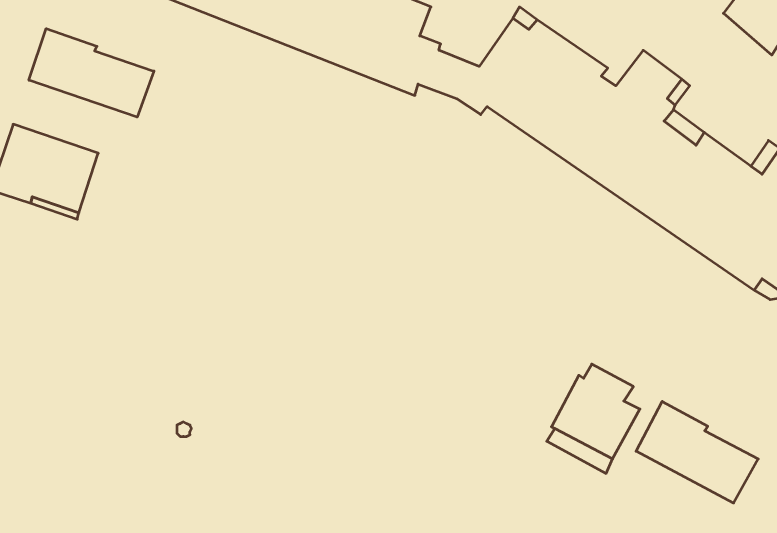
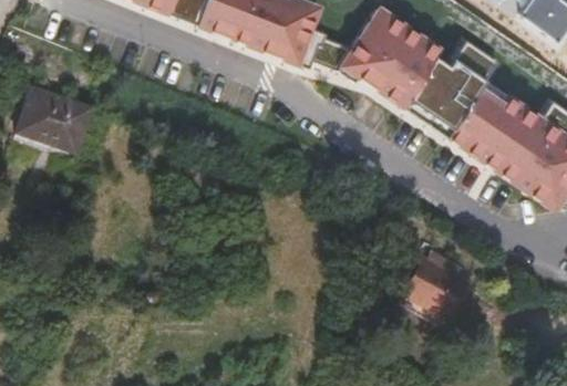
building: [29,29,154,117] -> none
building: [636,401,758,503] -> none

